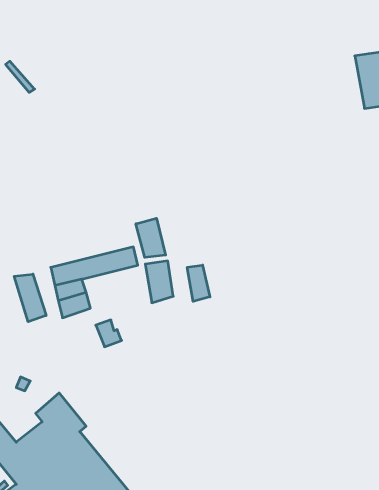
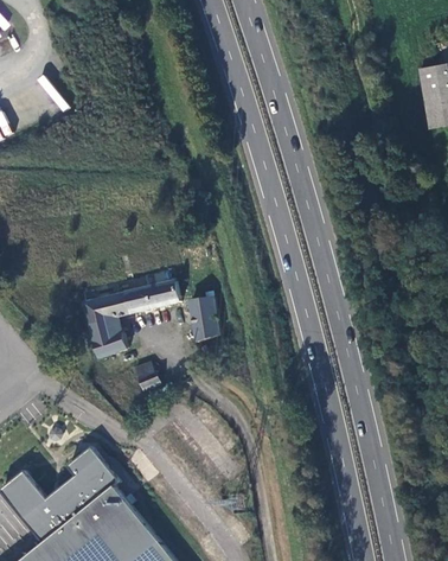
building: [136,218,166,257] -> none
building: [187,265,210,301] -> none
building: [14,274,46,322] -> none

